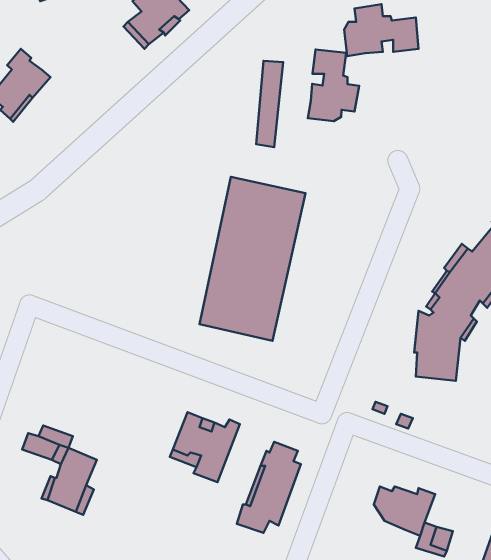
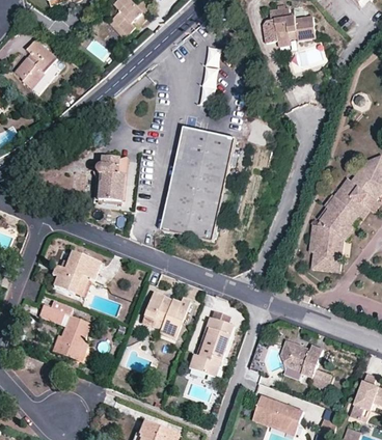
building: [308,50,359,121] -> none
building: none -> [93,157,124,202]
building: none -> [51,251,100,297]

